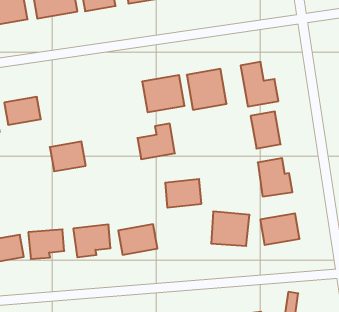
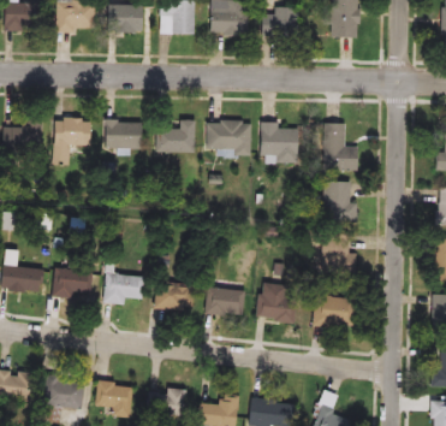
building: [137,124,175,159] -> [156,119,195,153]
building: [50,141,86,171] -> [103,120,139,148]
building: [165,179,201,208] -> [203,288,244,318]

